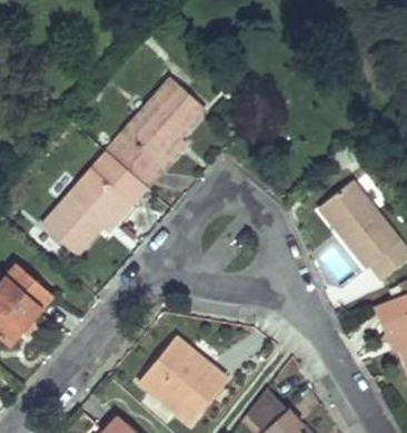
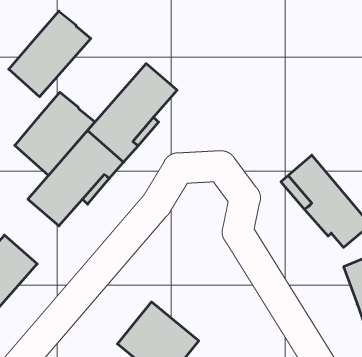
building: none -> [9,11,91,97]
building: none -> [15,92,95,175]

